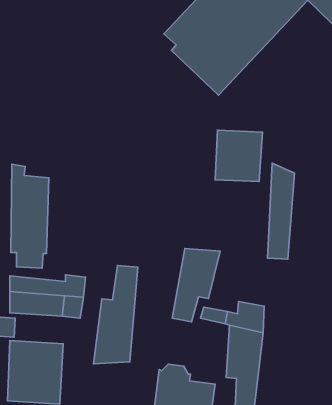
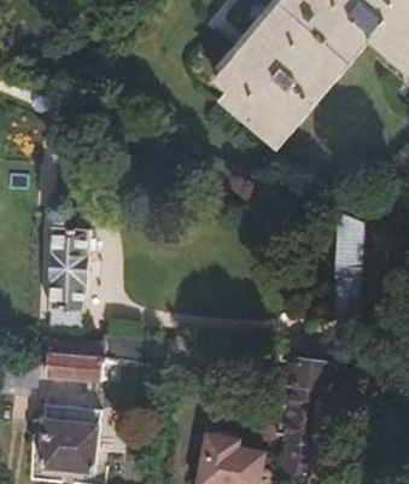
building: [215,130,263,182] -> none
building: [172,249,220,322] -> none
building: [94,266,138,364] -> none

